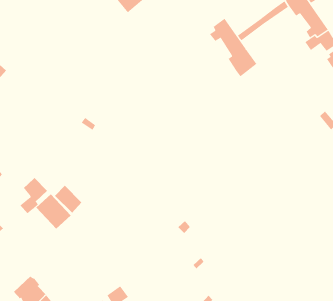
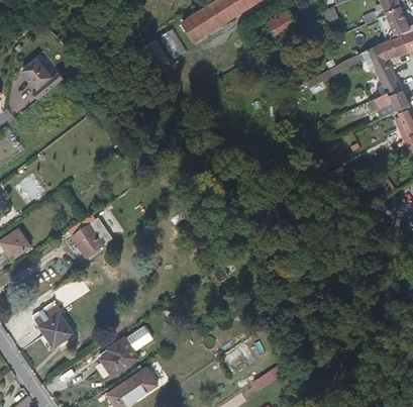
building: [209,18,257,77] -> none
building: [20,177,48,214] -> none

